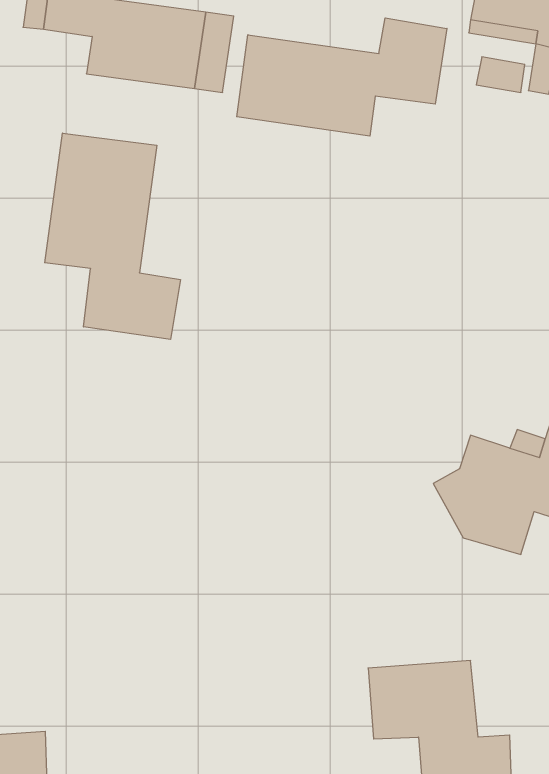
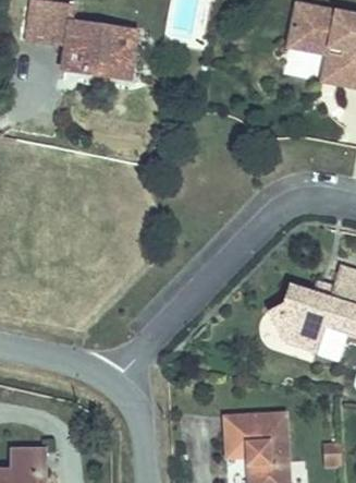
building: [237,18,447,136] -> none
building: [45,133,180,339] -> none

